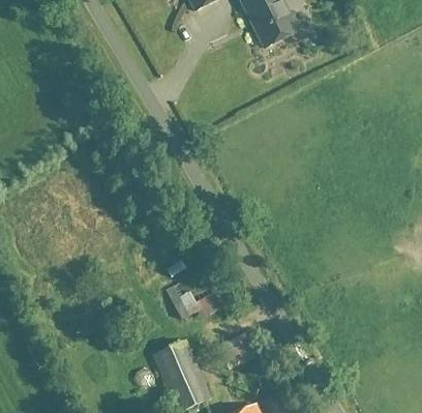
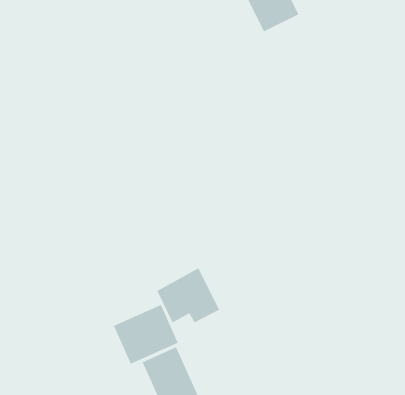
building: none -> [113,304,179,365]

